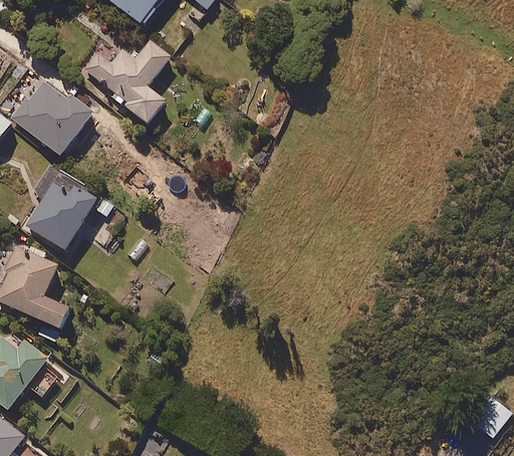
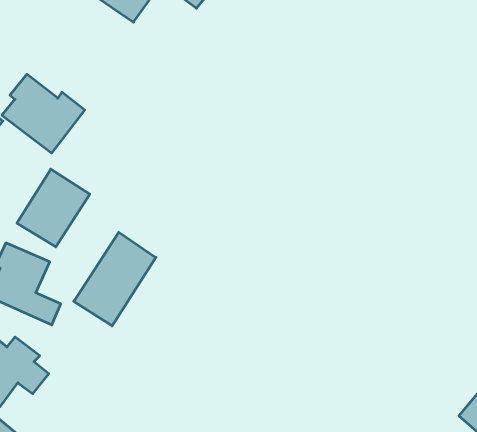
building: [82,39,170,124] -> none
building: none -> [74,232,156,326]

